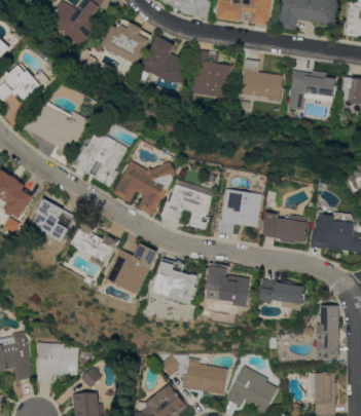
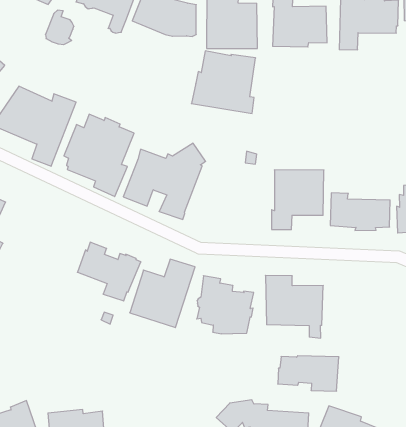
building: [164,179,215,229] -> [191,51,256,113]
building: [34,198,78,239] -> none
building: [258,279,305,310] -> [278,356,339,391]

